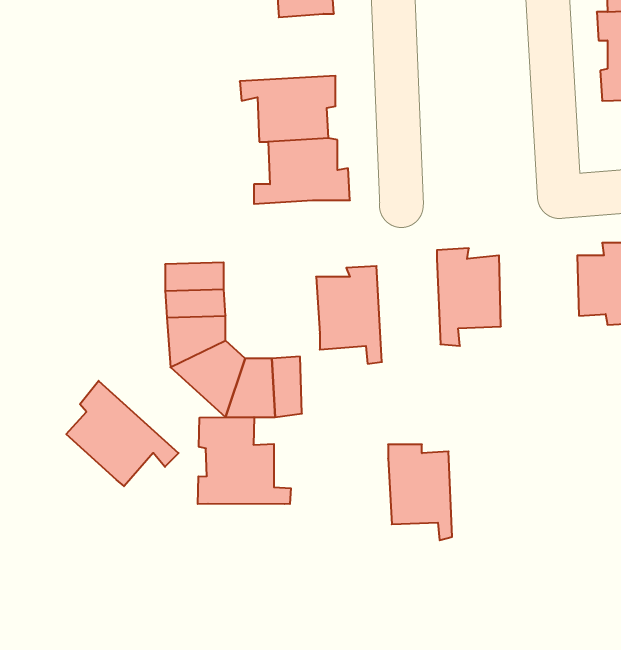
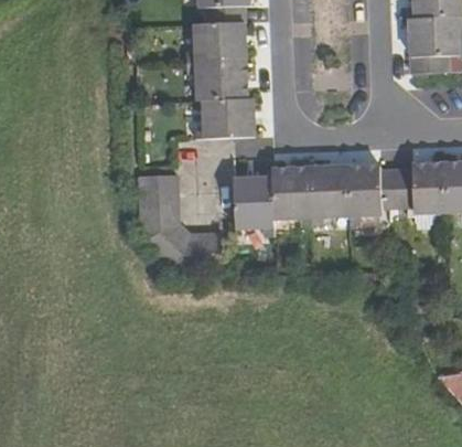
building: none -> [185,20,245,62]
building: none -> [346,164,396,224]
building: [66,381,179,486] -> none
building: [198,417,291,504] -> none
building: [388,444,452,540] -> [270,168,310,227]

